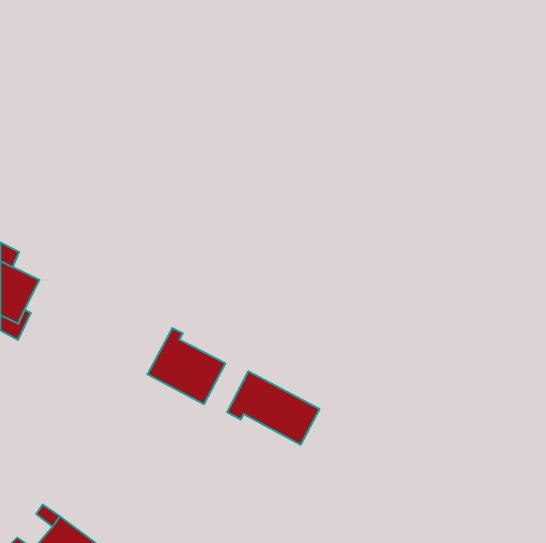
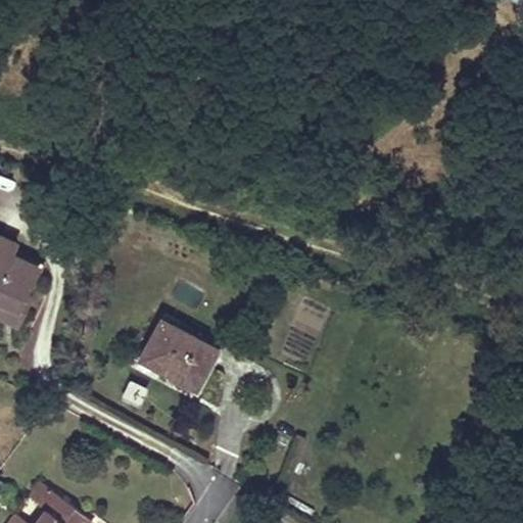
building: [227,371,319,445] -> none

